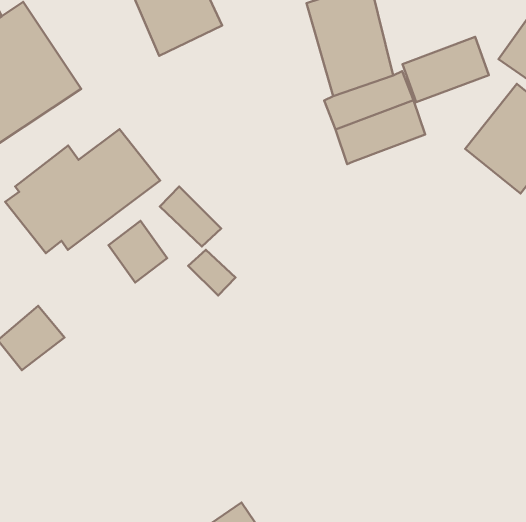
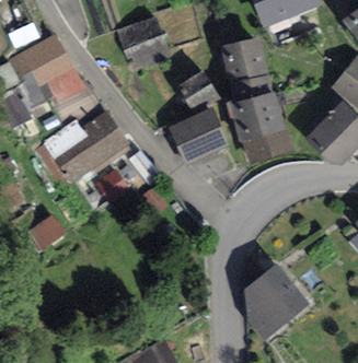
building: [403,37,489,102] -> [242,128,292,164]
building: none -> [176,69,219,110]
building: none -> [169,108,229,163]
building: none -> [244,264,310,340]

